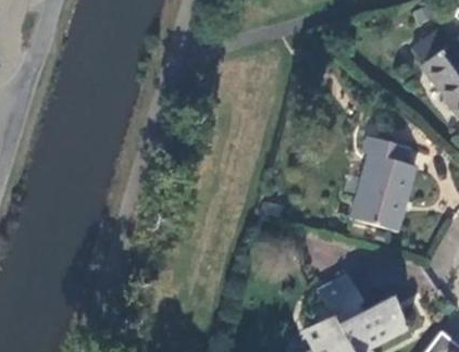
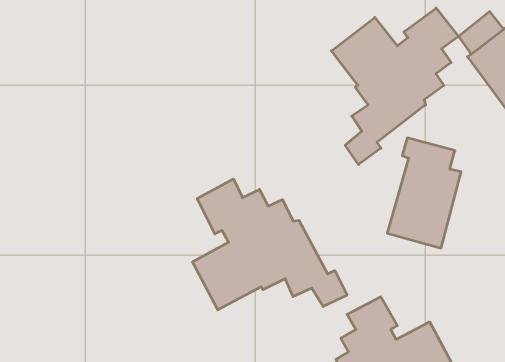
building: none -> [331,8,459,165]
building: none -> [193,179,347,310]

